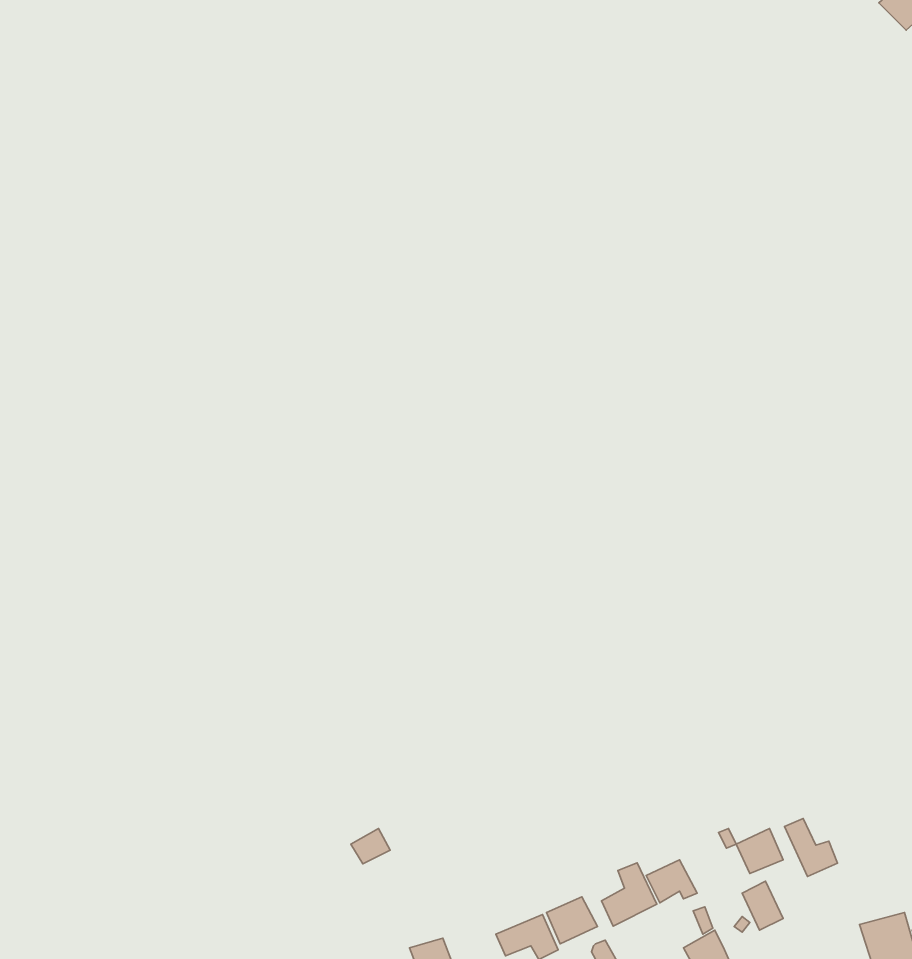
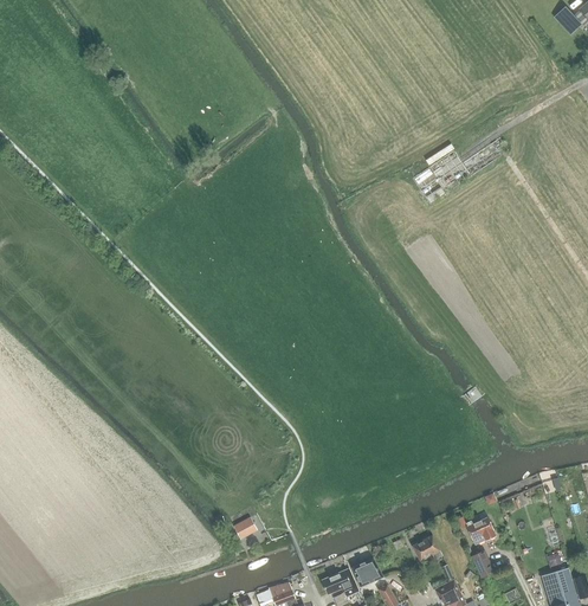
building: [784,818,838,876] -> none
building: [601,863,657,926] -> none

